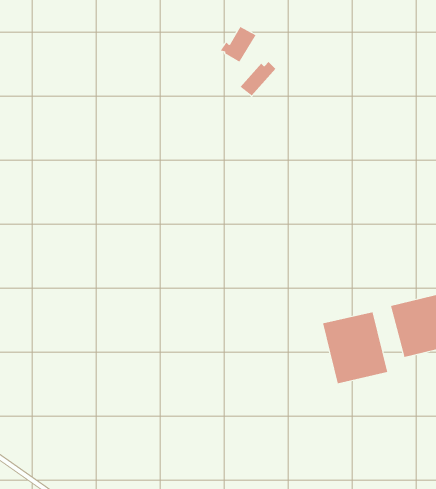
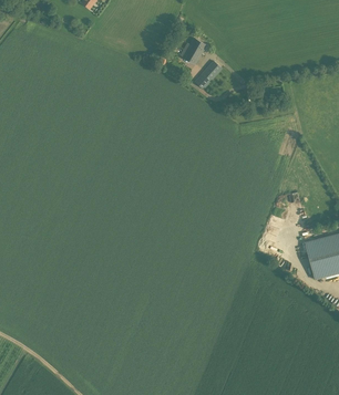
building: [323,311,388,384] -> none

